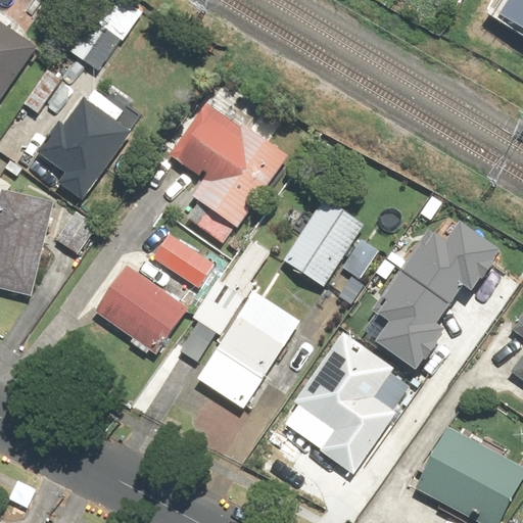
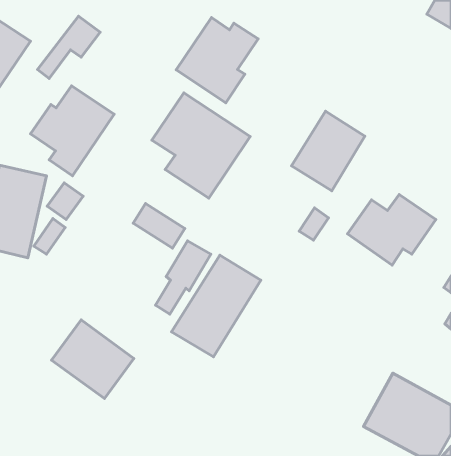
building: none -> [176,18,258,103]
building: [279,194,363,285] -> [292,111,365,191]
building: [95,265,189,354] -> [52,320,134,399]
building: [363,268,448,366] -> none
building: [293,332,396,473] -> none

